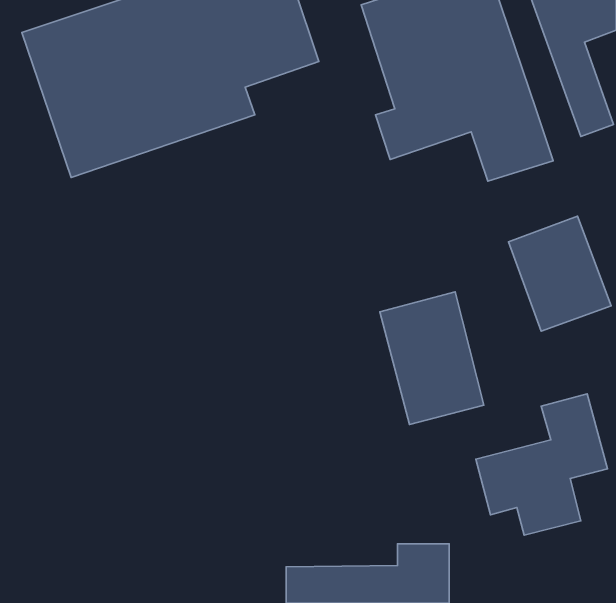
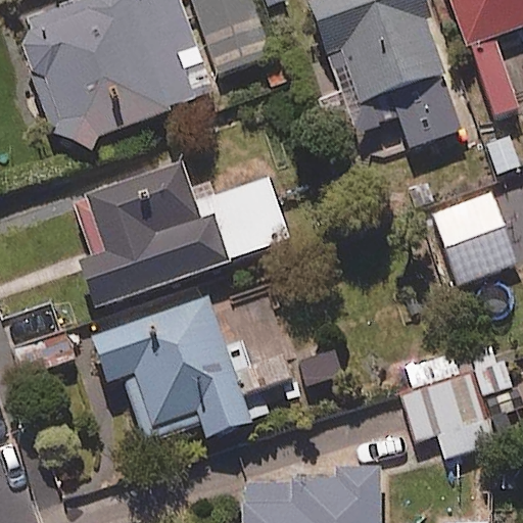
building: none -> [74,163,289,310]
building: [380,292,484,425] -> none
building: none -> [89,296,296,441]

